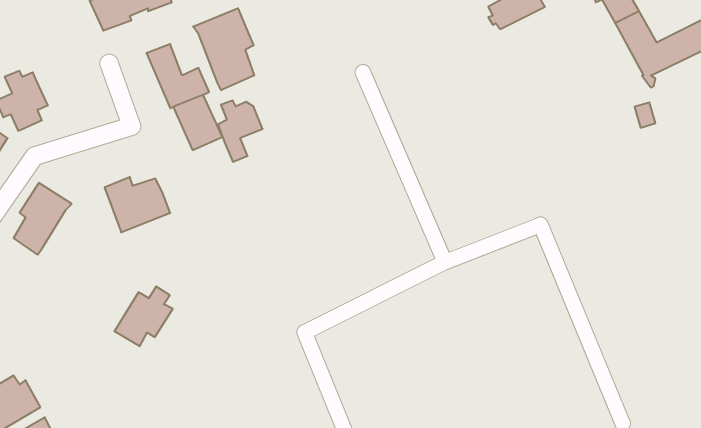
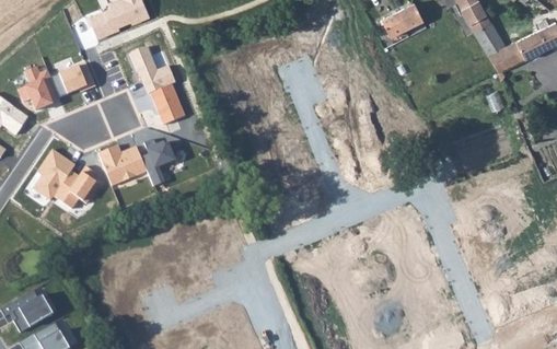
building: [193,8,254,90] -> none
building: none -> [50,60,95,98]
building: [218,100,263,162] -> [142,140,175,185]
building: [114,286,173,346] -> [54,165,96,209]

